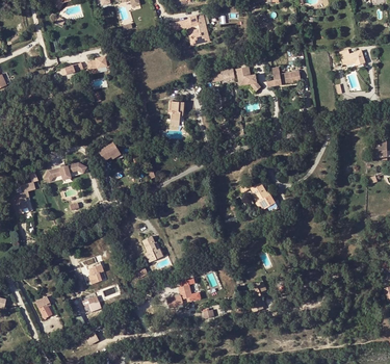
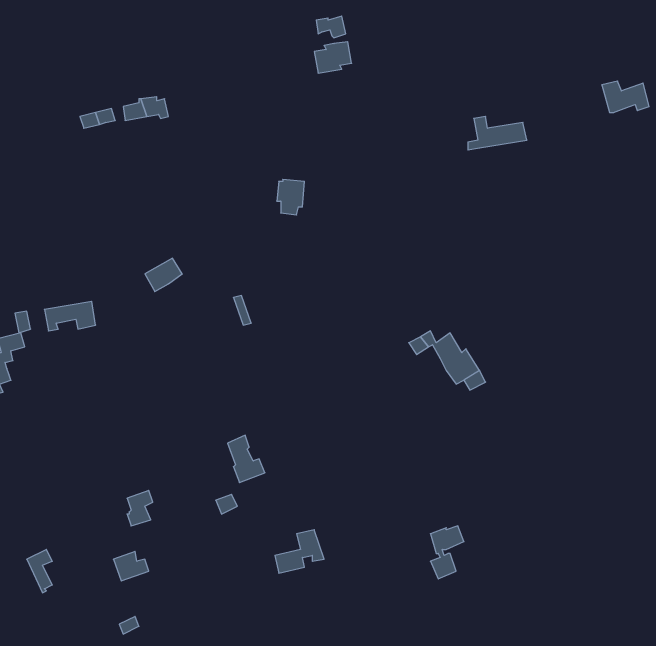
building: [211,67,261,92] -> none

